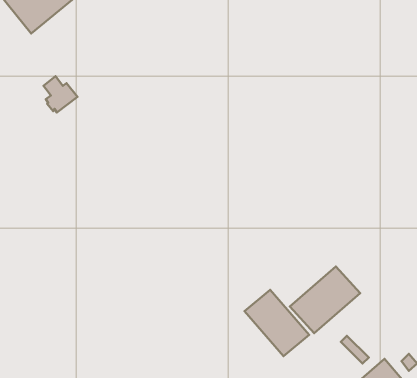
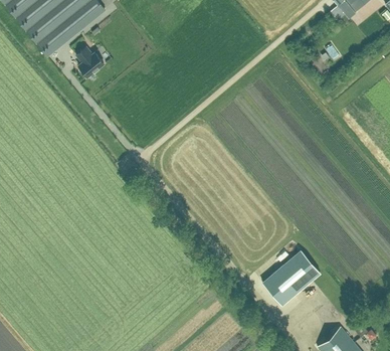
building: [43,76,77,112] -> [75,46,104,76]
building: [244,290,309,356] -> none

